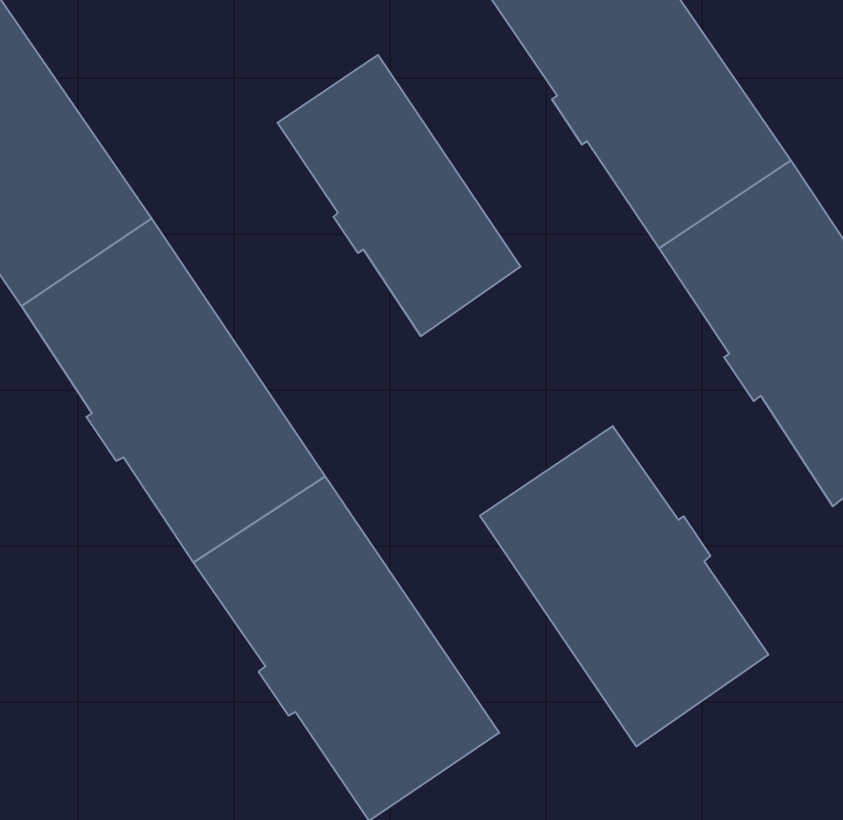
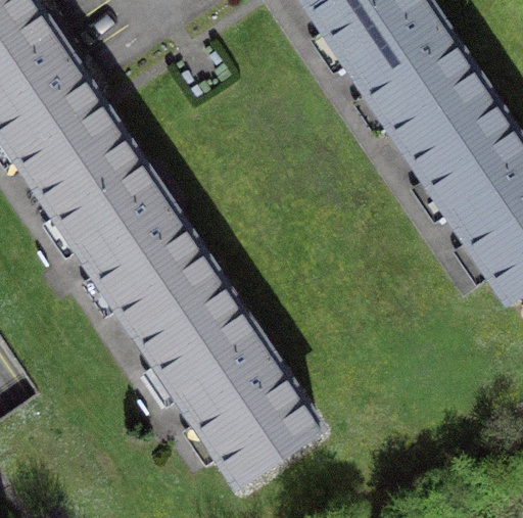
building: [277,55,521,336] -> none
building: [480,426,768,746] -> none

